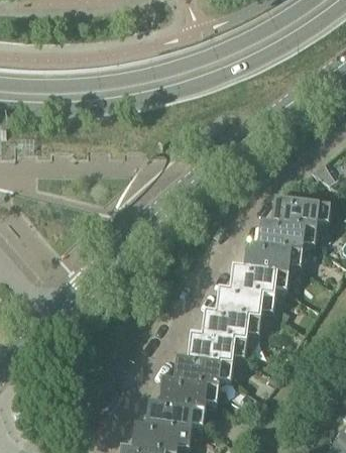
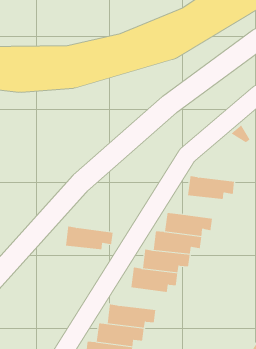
building: [272,198,331,227] -> none
building: [244,242,303,272] -> none
building: [175,355,234,384] -> [65,226,114,250]

